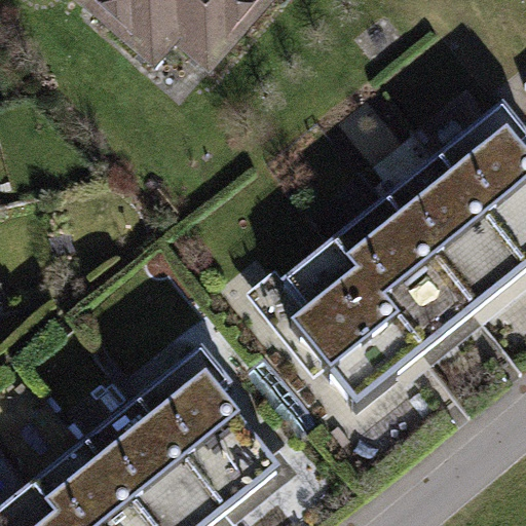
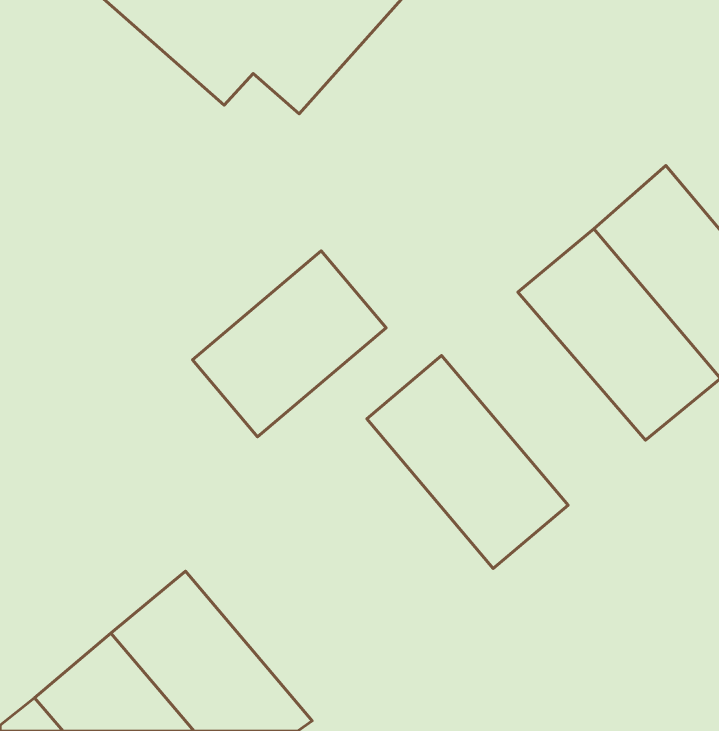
building: none -> [192,251,386,437]
building: [327,209,473,361] -> none
building: [144,363,287,515] -> none

